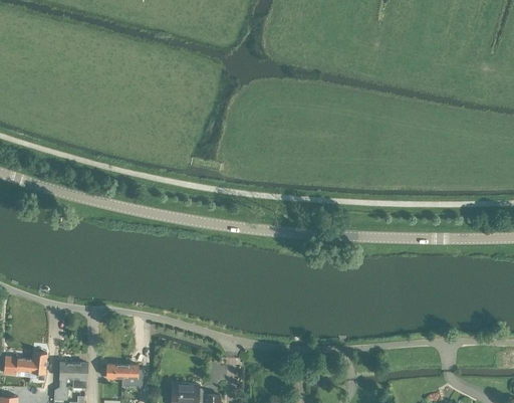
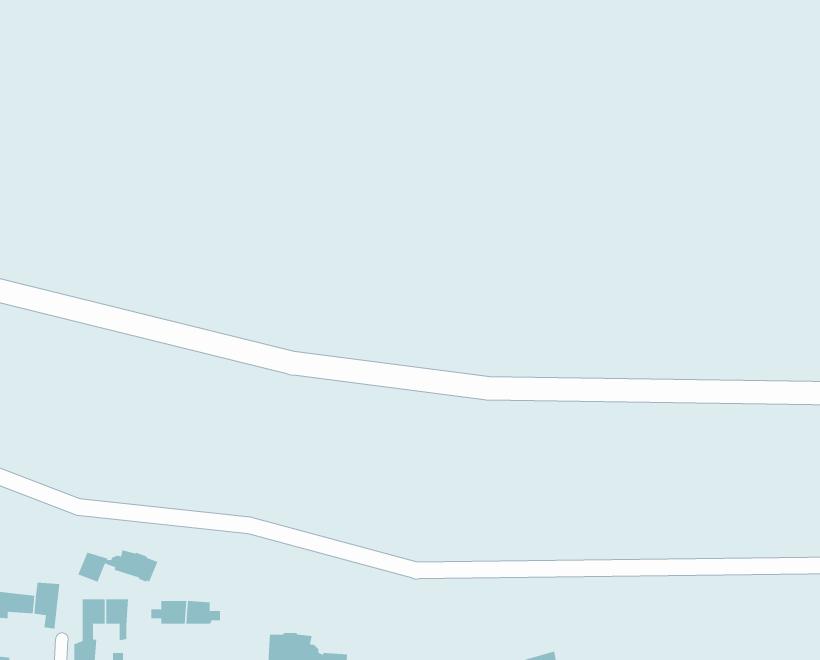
building: none -> [77,549,158,582]

